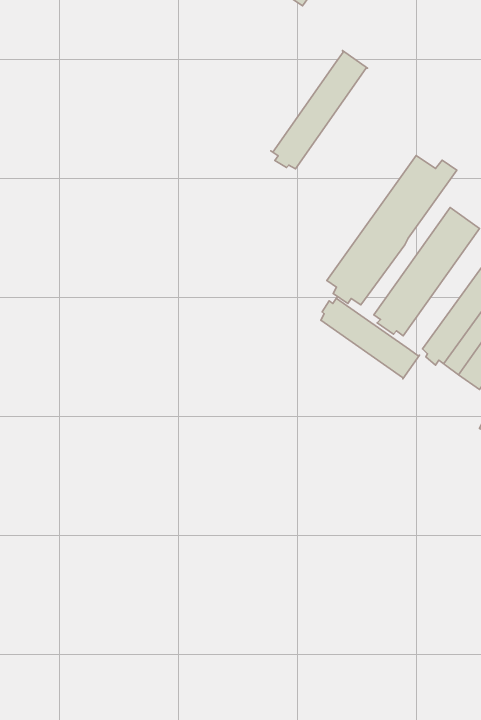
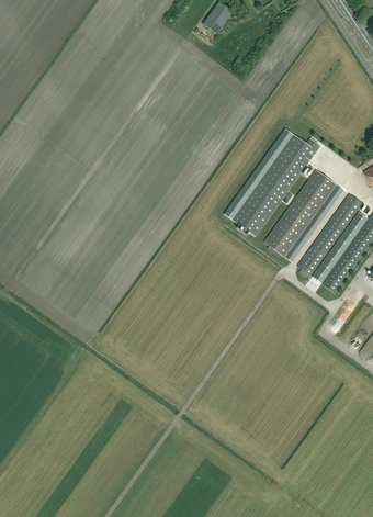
building: [271,51,367,169] -> none
building: [321,296,420,379] -> none

